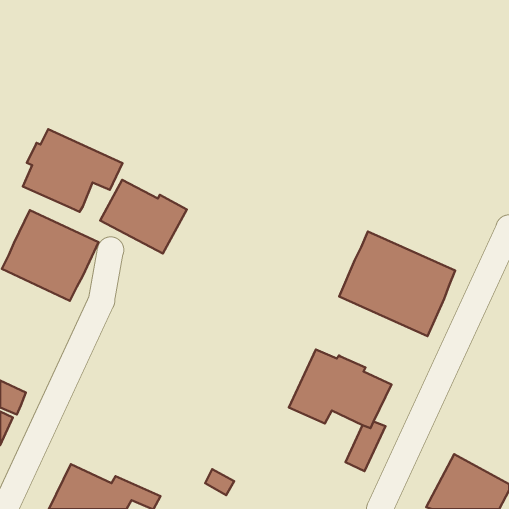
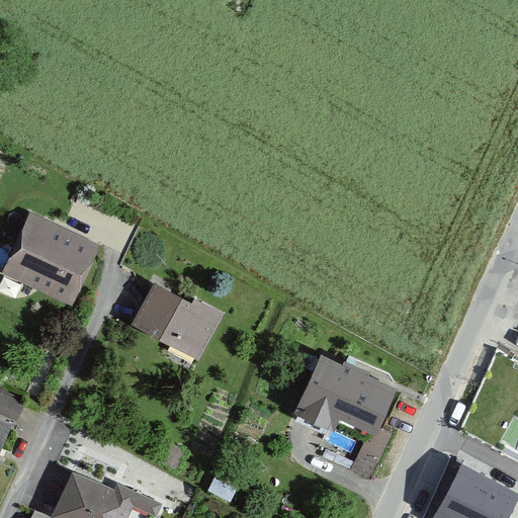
building: [23,129,122,212] -> none
building: [100,180,187,253] -> [134,284,222,359]
building: [339,231,455,336] -> none

